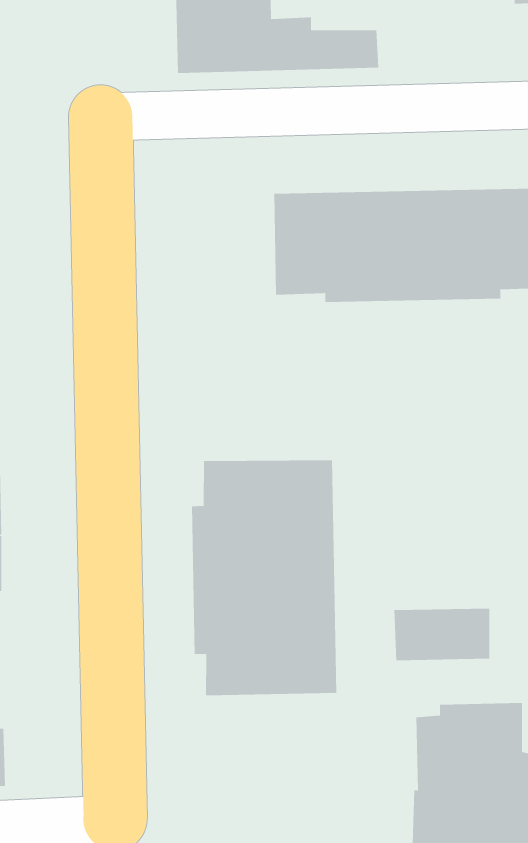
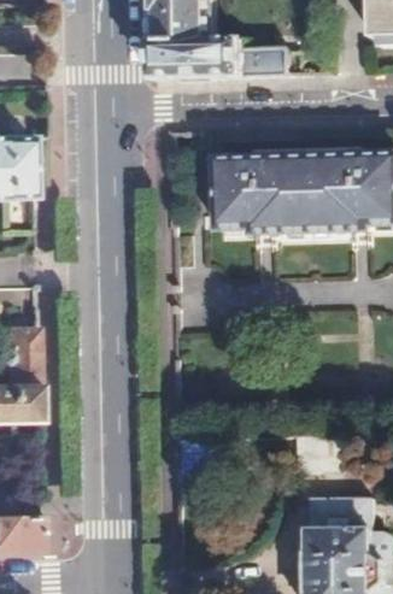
building: [191,460,337,696] -> none

